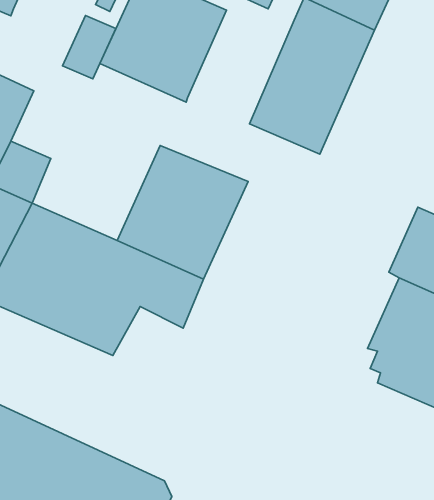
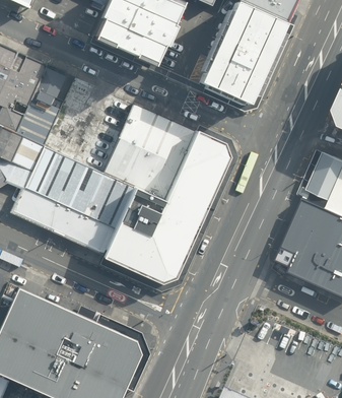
building: [63,15,116,79] -> [29,66,67,111]
building: none -> [101,130,232,282]

